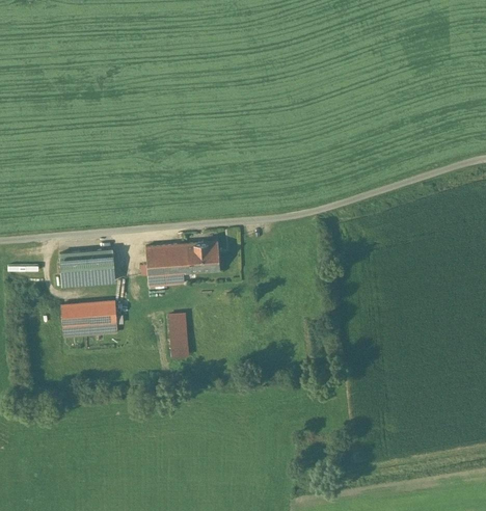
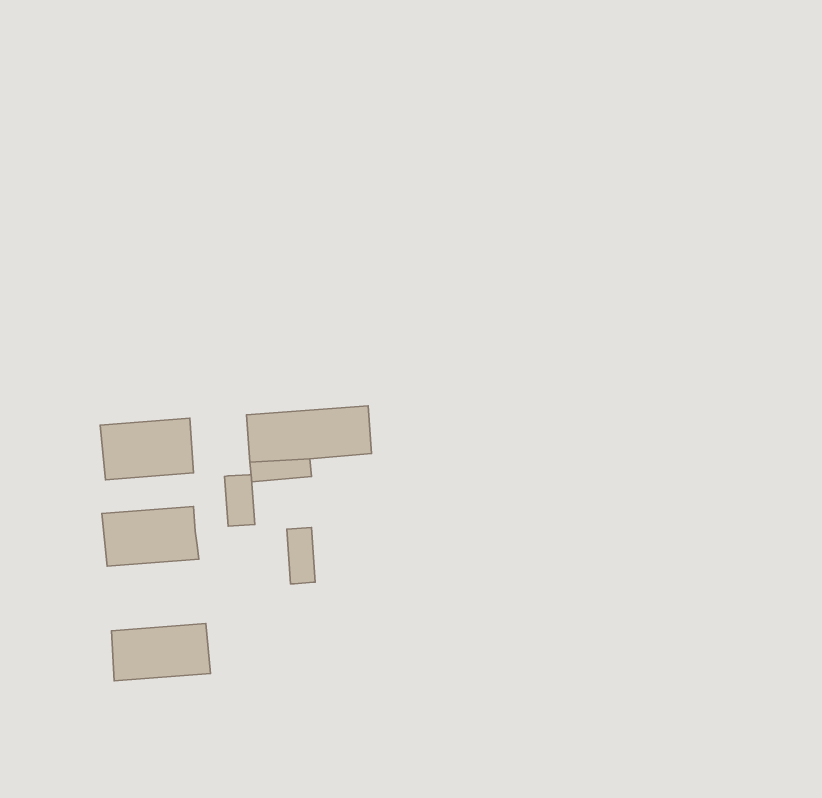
building: none -> [224,475,255,526]
building: none -> [111,624,210,681]

